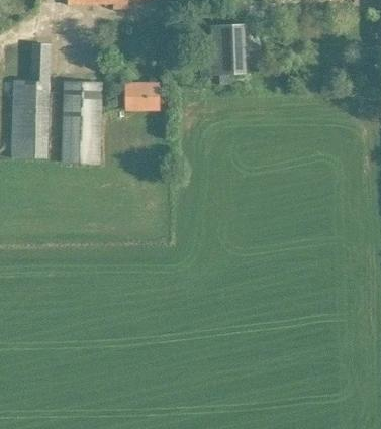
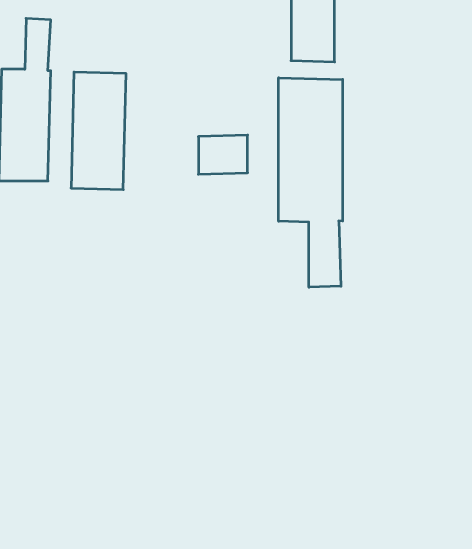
building: [125,83,160,110] -> [198,135,248,174]
building: none -> [279,78,343,287]

